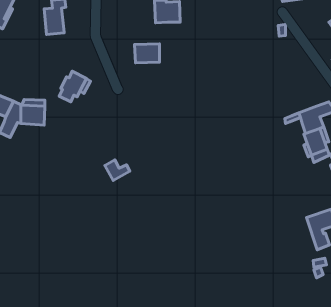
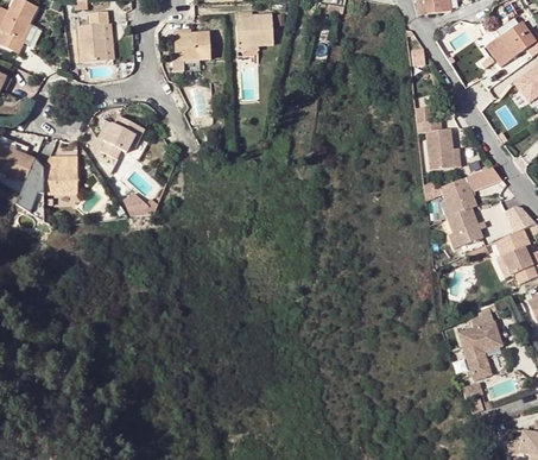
building: [135,44,159,63] -> [175,34,210,62]
building: none -> [414,113,451,160]
building: [105,160,130,180] -> [122,193,158,222]

